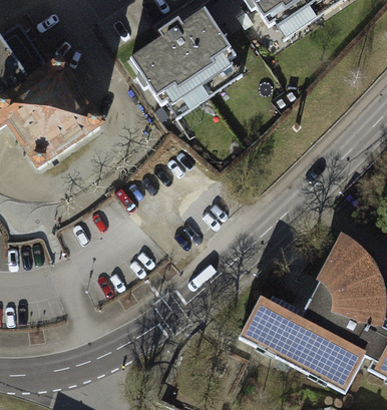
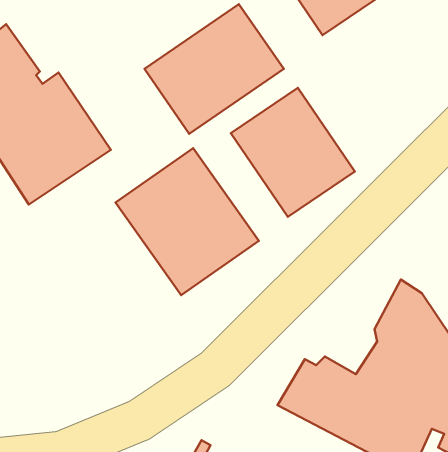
building: none -> [231,88,355,217]
building: none -> [116,148,259,295]

